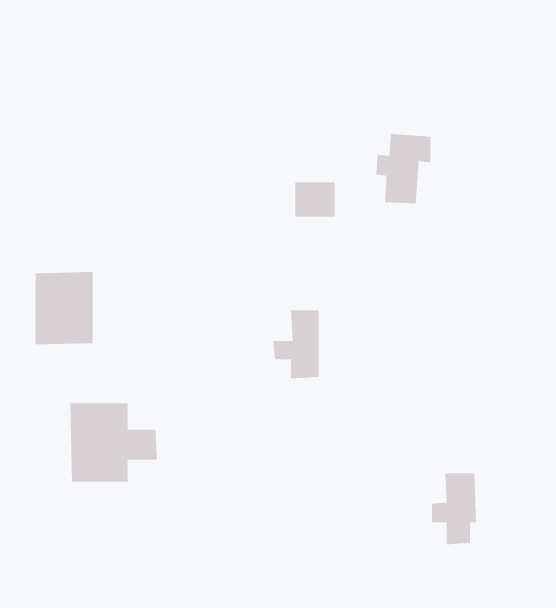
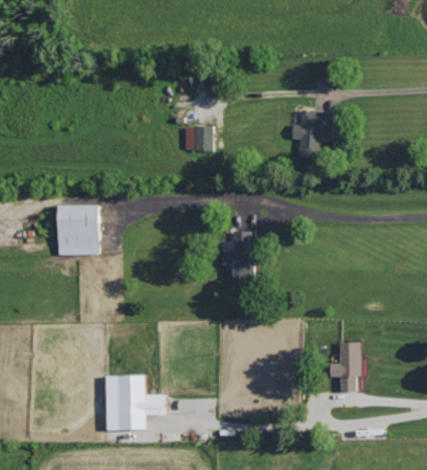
building: [294,182,335,217] -> [185,127,213,151]
building: [70,403,158,482] -> [105,376,166,431]

